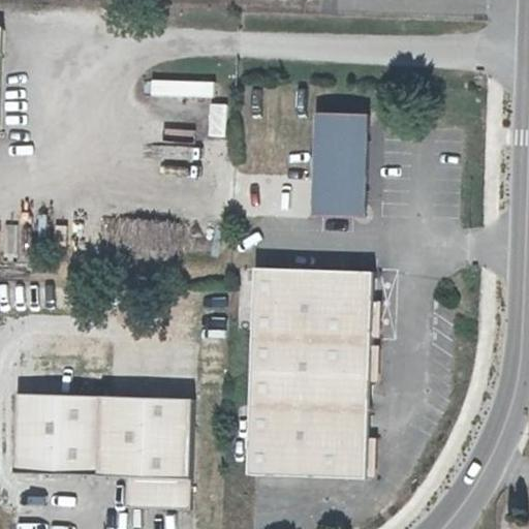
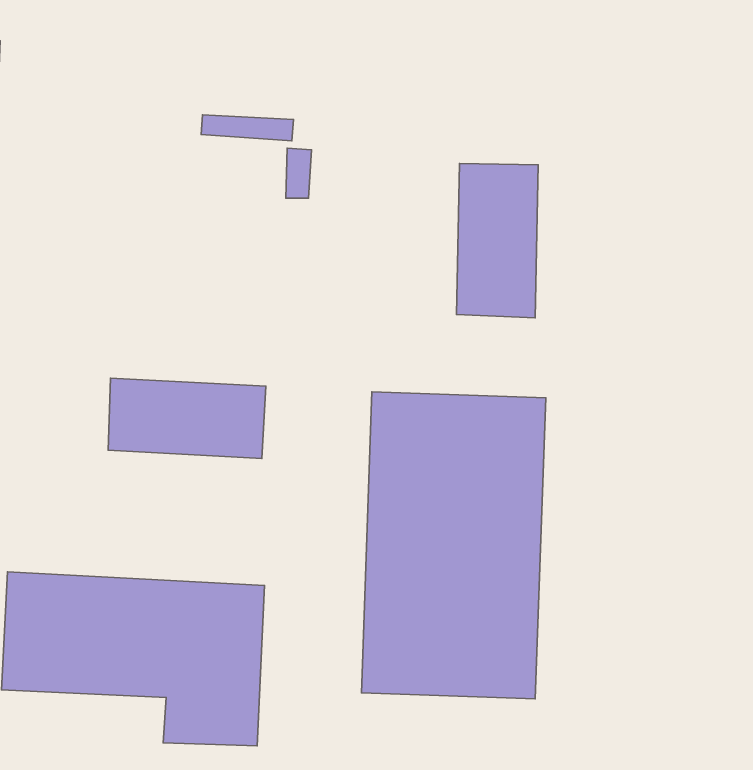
building: none -> [108,378,266,458]

